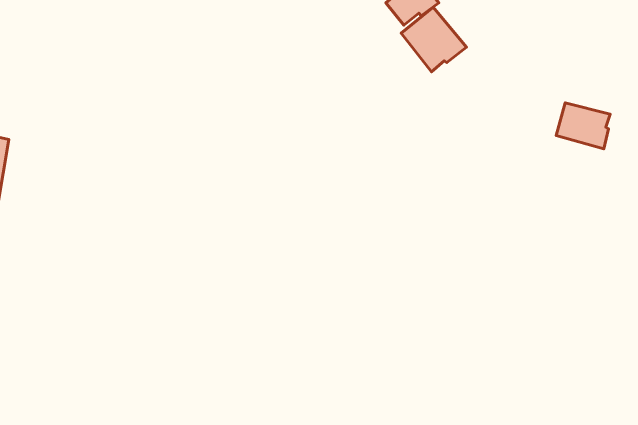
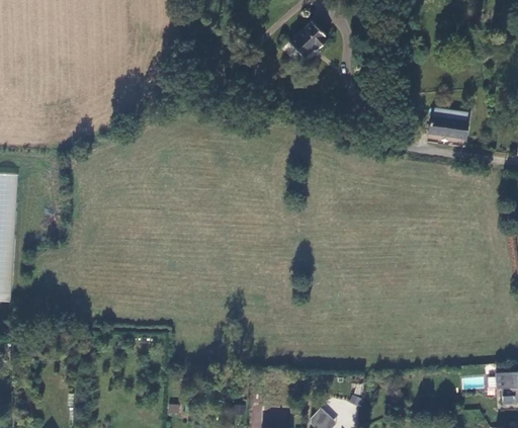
building: [401,7,466,72] -> none

